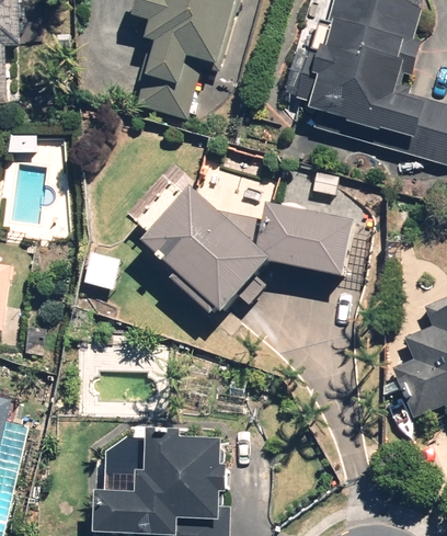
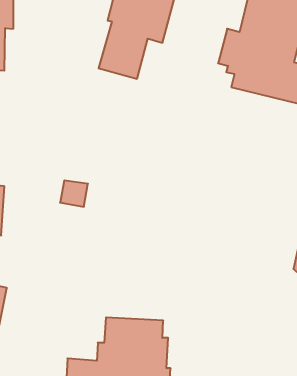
building: [137,186,349,316] -> none

